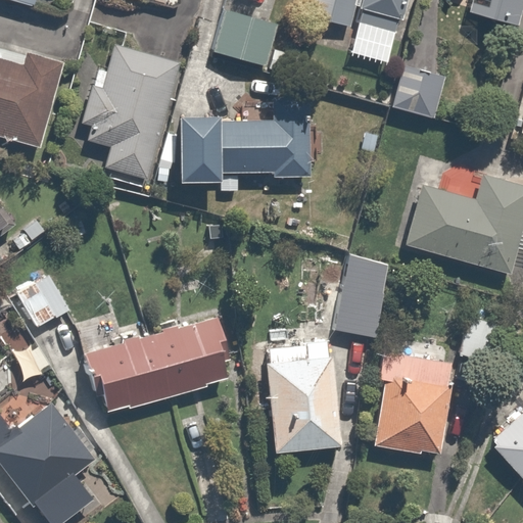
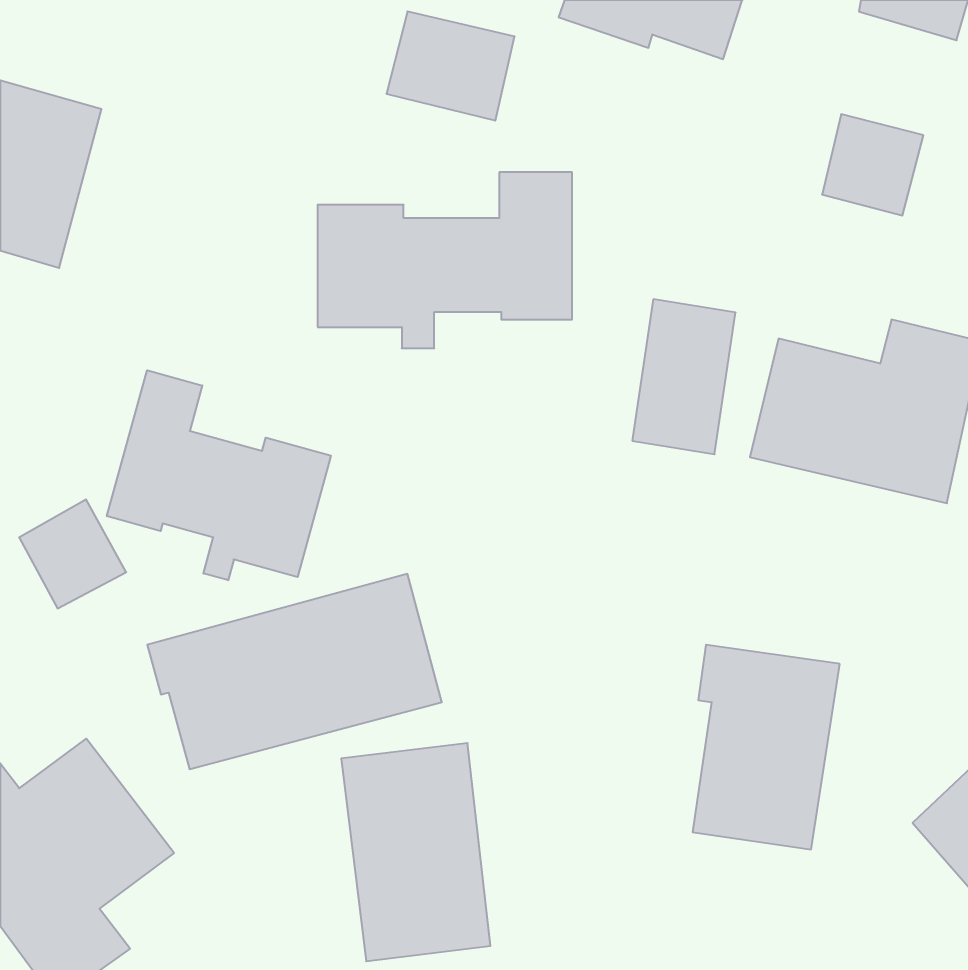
building: [84,43,179,179] -> none
building: [391,63,445,117] -> [822,114,923,216]
building: none -> [107,370,331,580]
building: [334,255,389,338] -> [632,299,736,454]
building: [264,338,343,455] -> [341,743,490,961]

